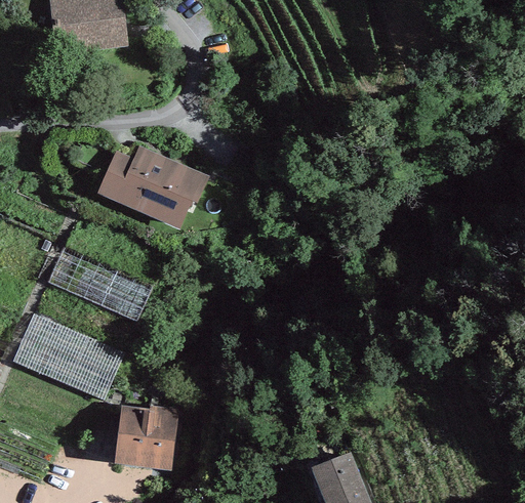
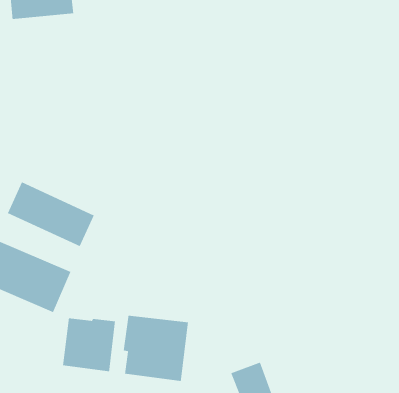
building: [96,145,208,228] -> none
building: none -> [123,315,189,382]

